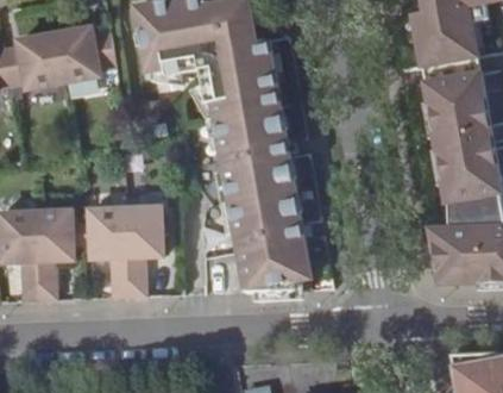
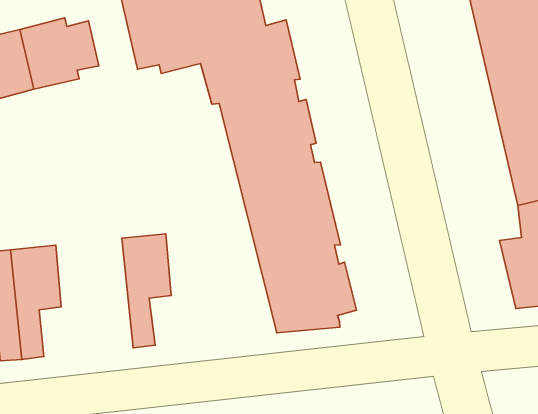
building: [87,205,126,295] -> none

